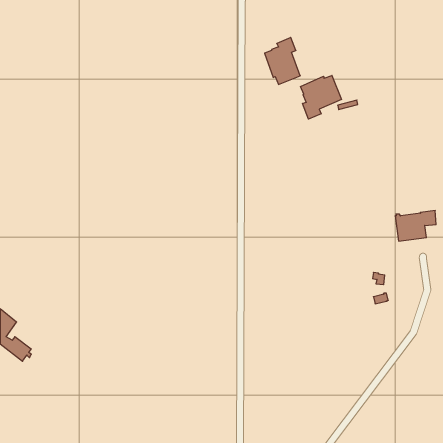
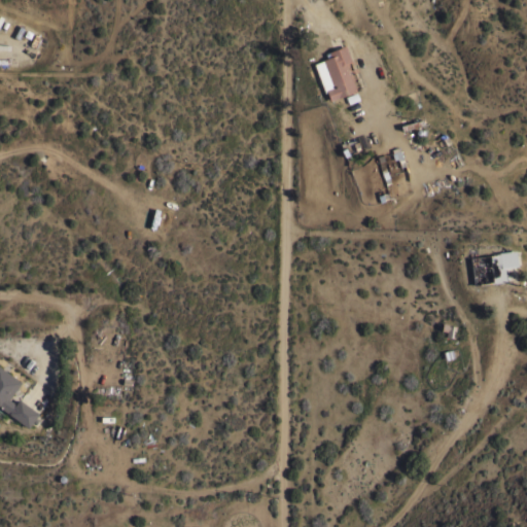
building: [300,75,342,119] -> none

